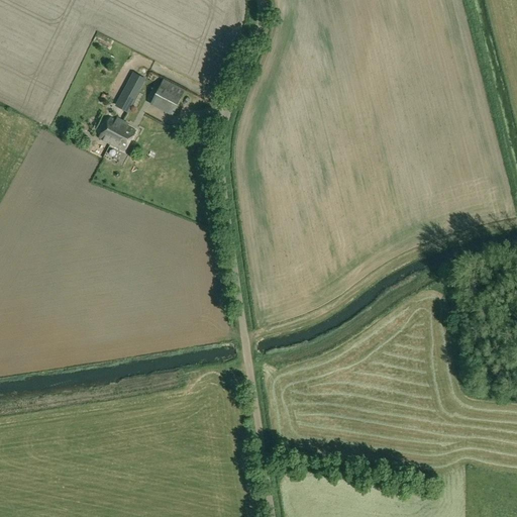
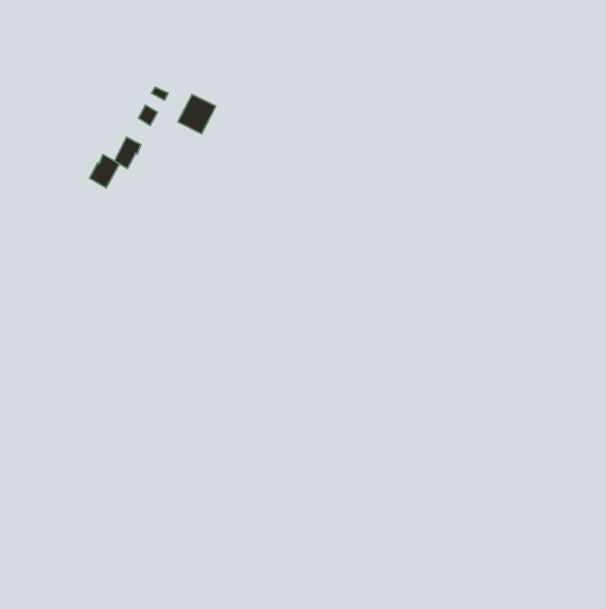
building: [108,122,133,150] -> [90,154,119,188]

